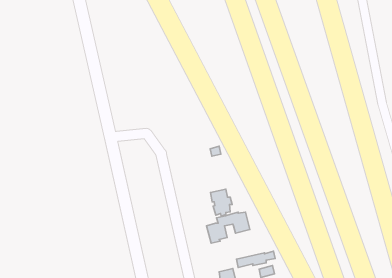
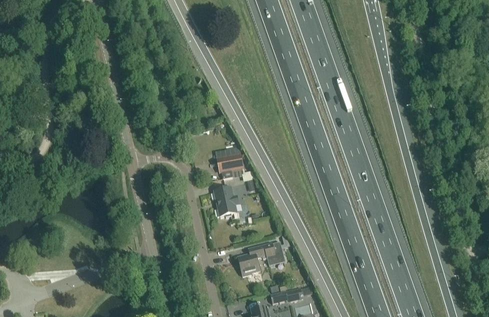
building: none -> [218,155,242,179]
building: [210,189,232,216] -> [213,187,237,217]

